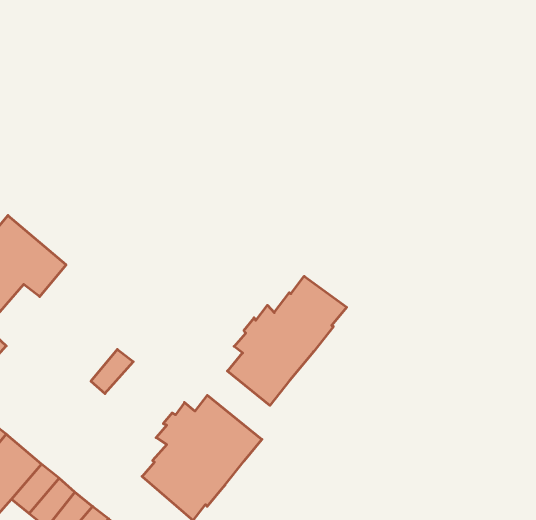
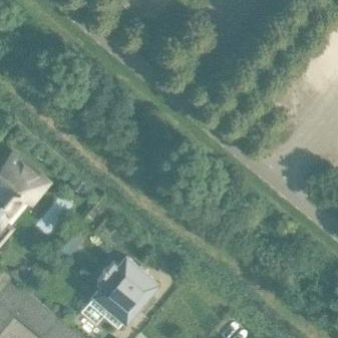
building: [227,276,347,405] -> none

